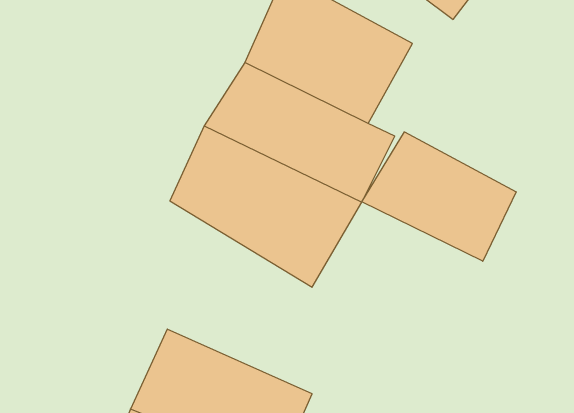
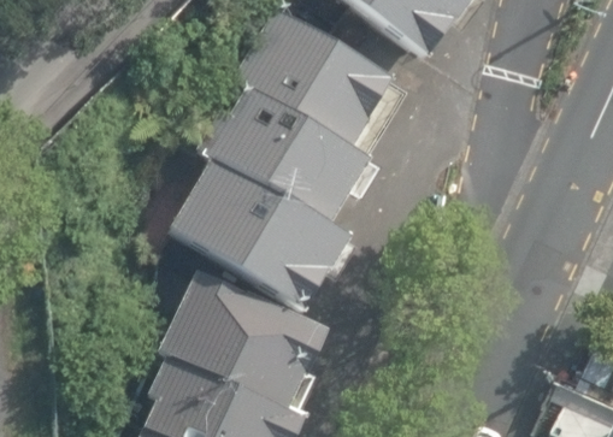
building: [362,132,516,261] -> none
building: none -> [163,268,337,411]

